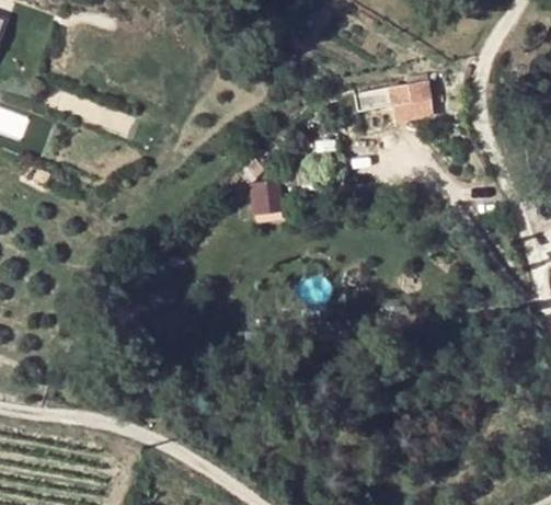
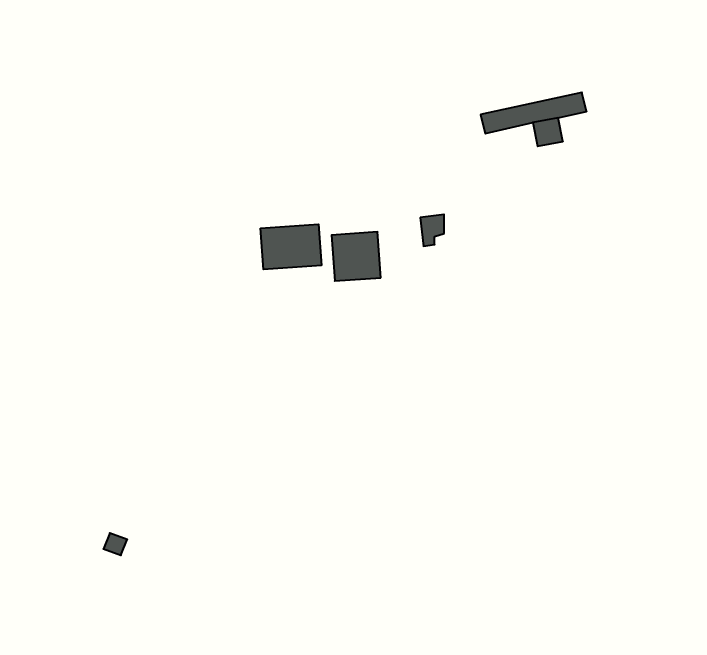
building: none -> [261,224,321,269]

